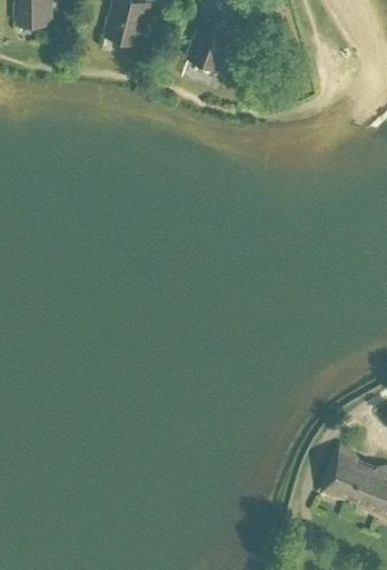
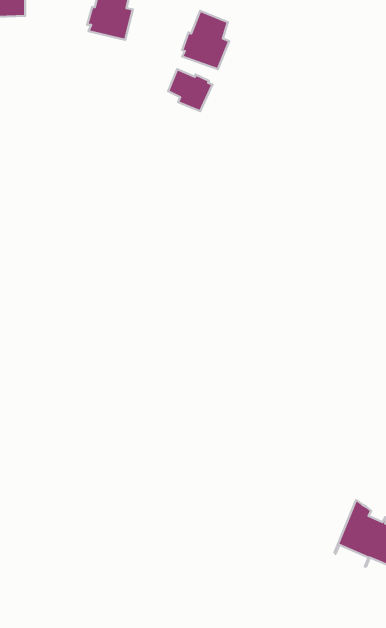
building: none -> [168,69,212,111]

